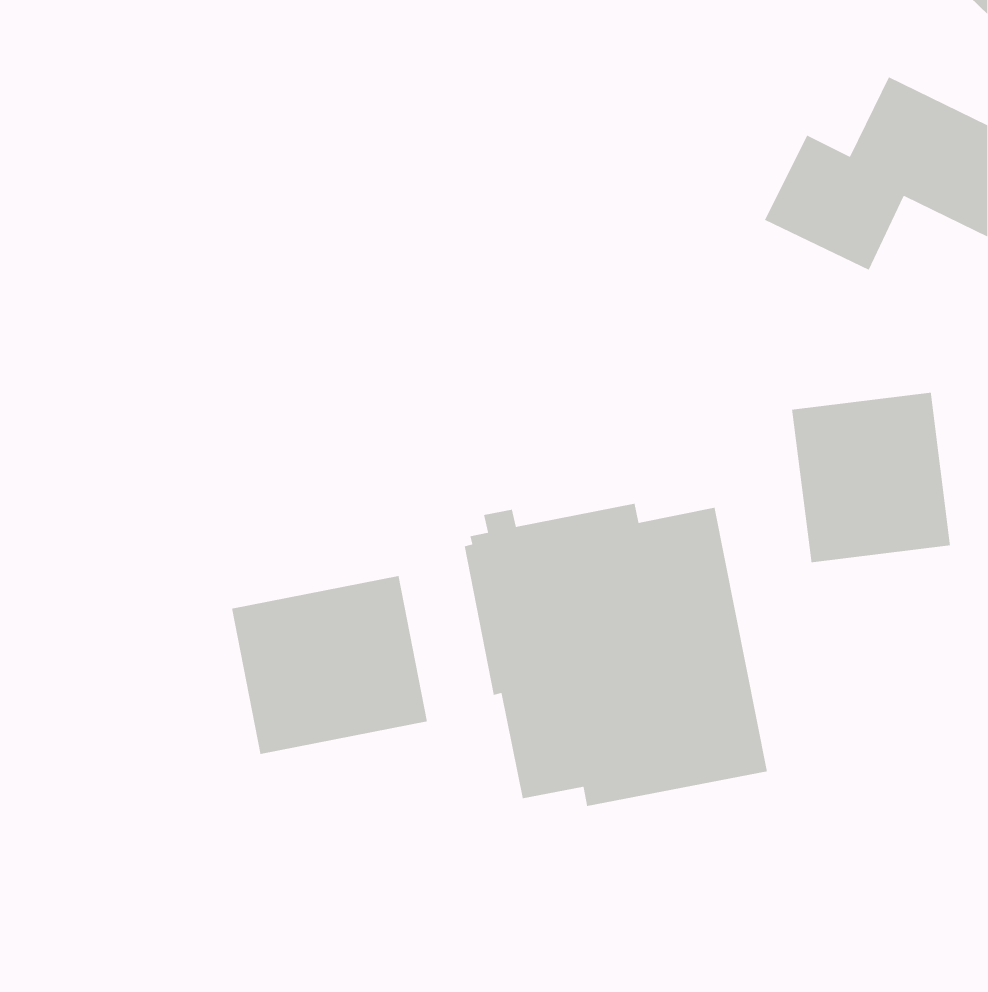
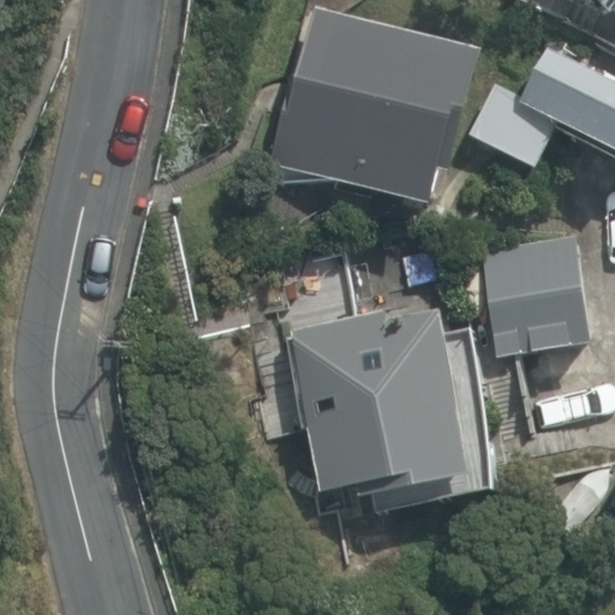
building: none -> [268,6,486,207]
building: [231,575,428,755] -> none

